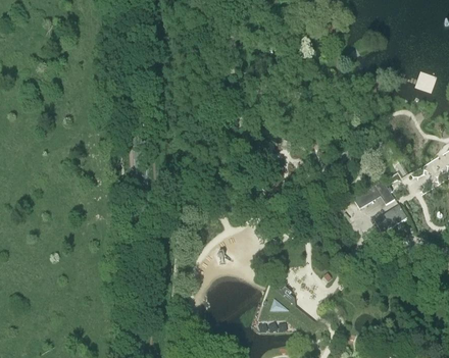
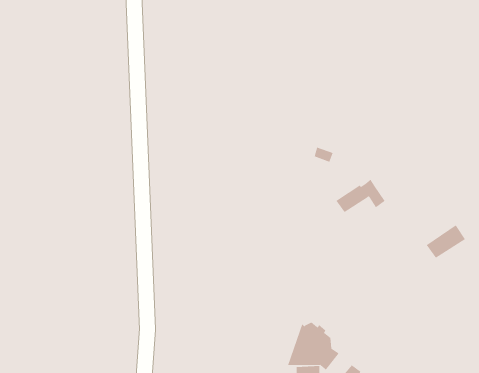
building: [353,180,395,208] -> [336,179,385,213]

